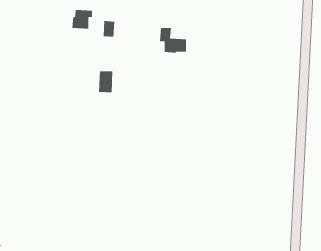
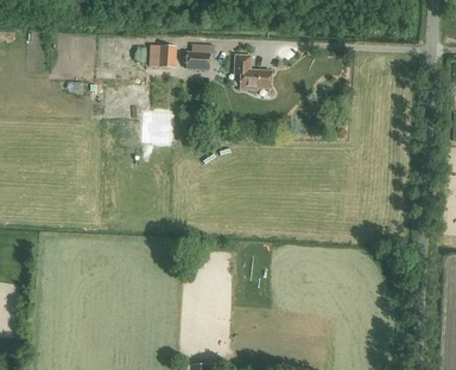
building: [72,10,93,29] -> [185,43,214,69]

